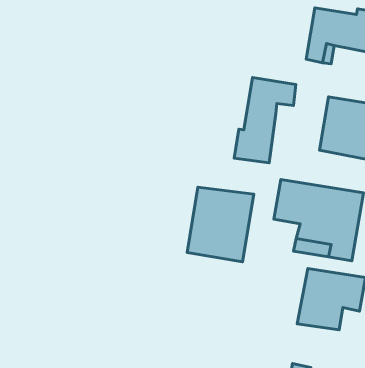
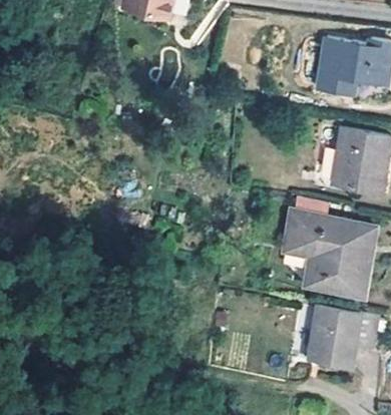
building: [234,78,296,163] -> none
building: [187,187,254,262] -> none

